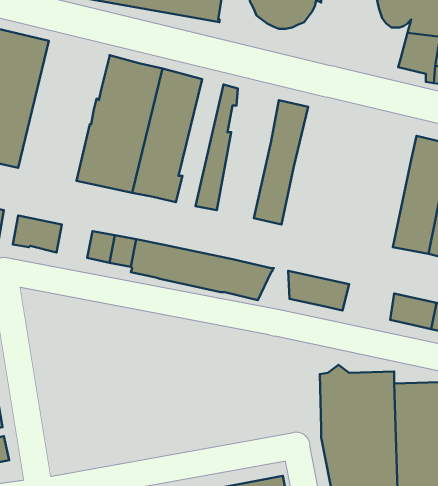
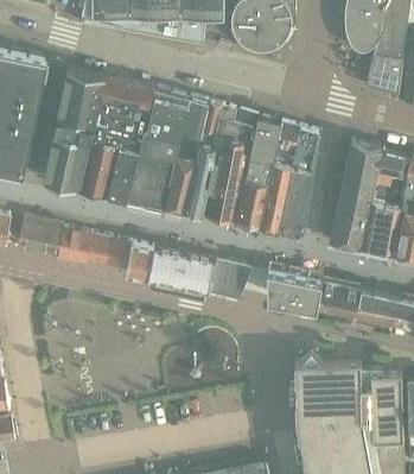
building: none -> [40,67,106,189]
building: none -> [165,97,208,211]
building: none -> [202,106,257,222]
building: none -> [260,122,320,236]
building: none -> [330,141,381,248]
building: none -> [58,228,90,258]
building: none -> [314,282,361,314]

